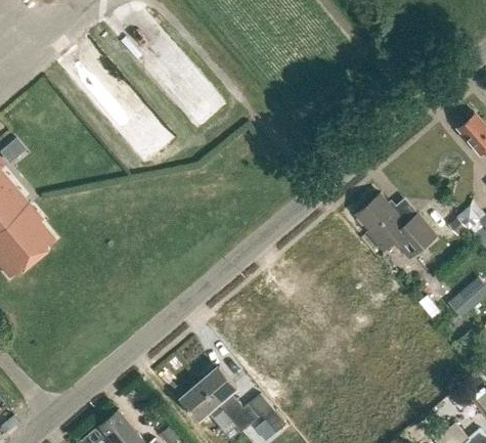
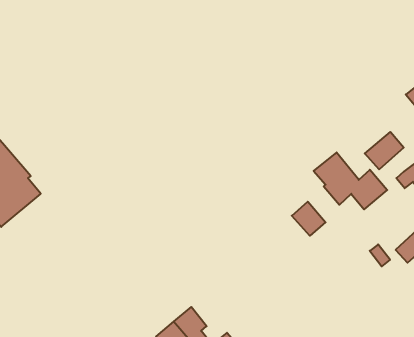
building: none -> [365,132,404,169]
building: none -> [292,202,326,236]

